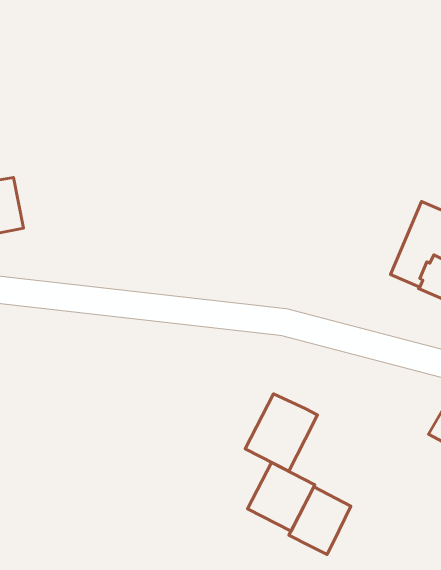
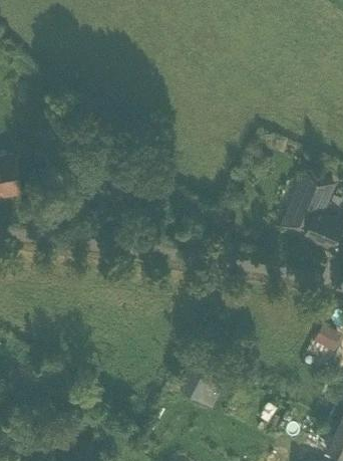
building: [245,394,318,471] -> none
building: [289,487,351,555] -> none

